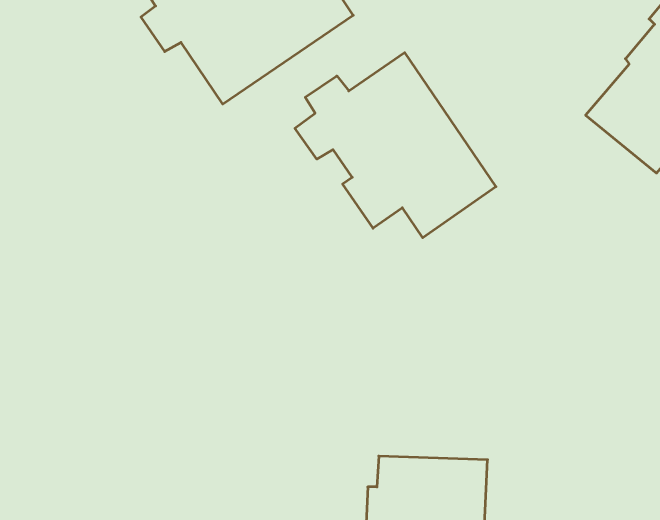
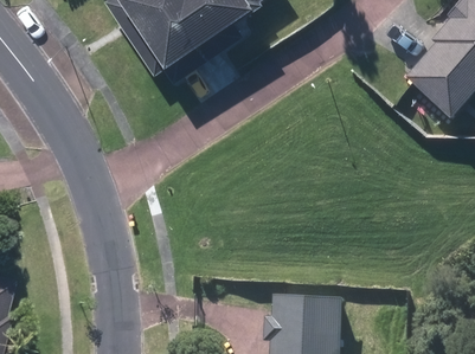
building: [295,53,496,238] -> none

